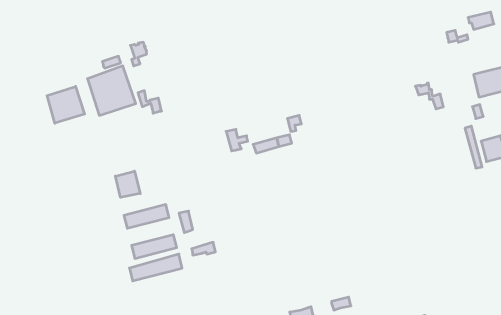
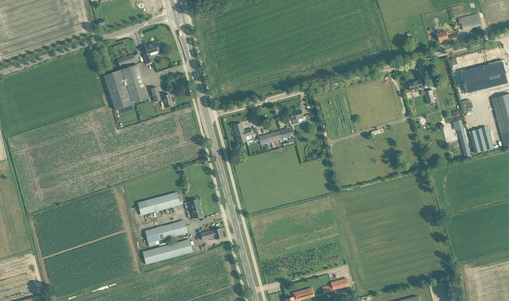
building: [47,86,85,123] -> none
building: [115,171,140,197] -> none

